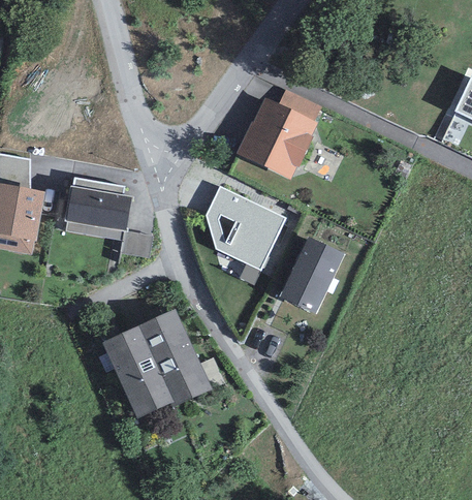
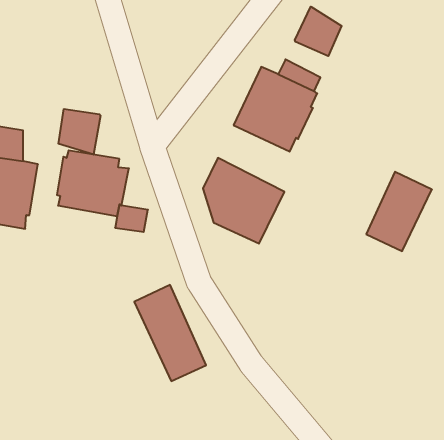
building: none -> [295,7,342,56]
building: none -> [58,109,100,155]
building: [279,236,343,313] -> [366,172,432,251]
building: [102,325,175,419] -> none

